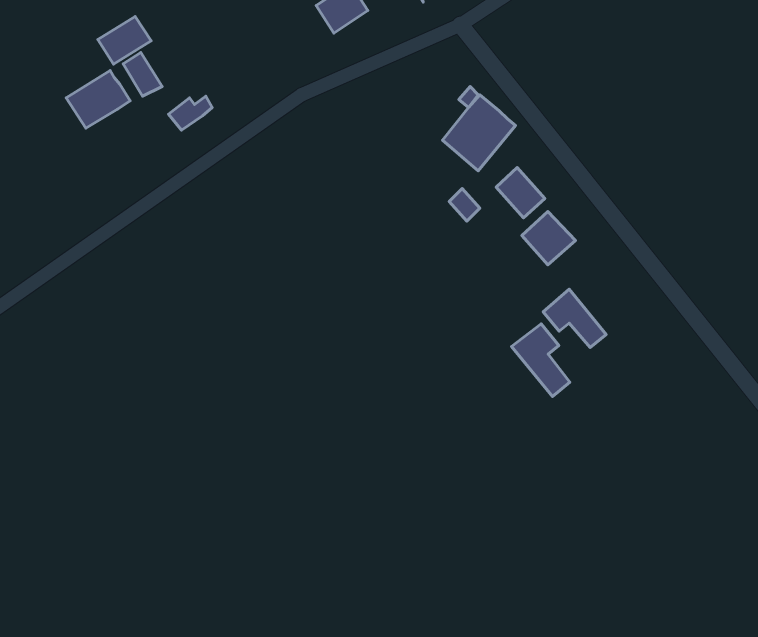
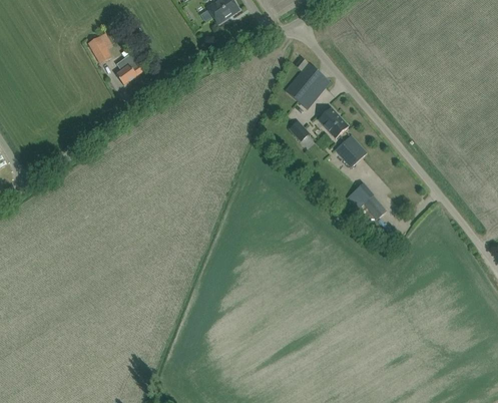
building: [98,16,151,64] -> none
building: [66,71,130,128] -> none
building: [511,324,570,397] -> none

